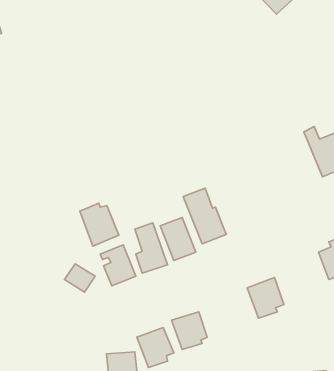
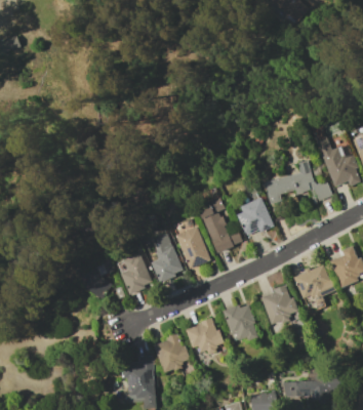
building: none -> [265,160,331,204]
building: none -> [237,198,272,236]
building: [80,203,119,246] -> none
building: none -> [294,264,334,313]
building: none -> [223,302,258,342]

